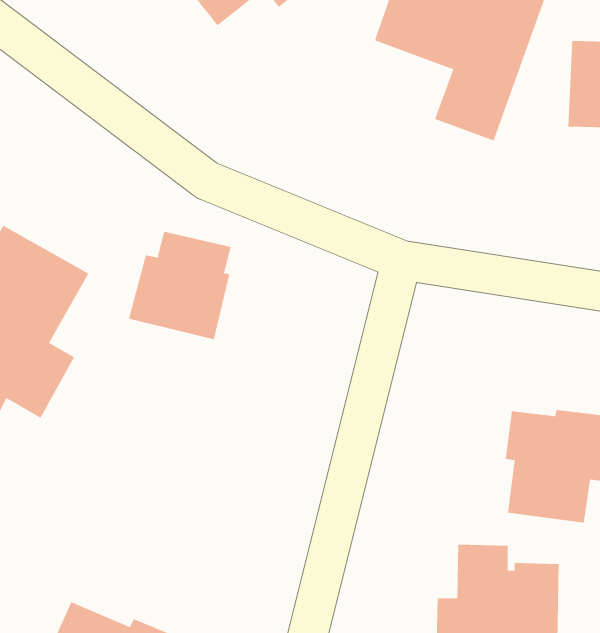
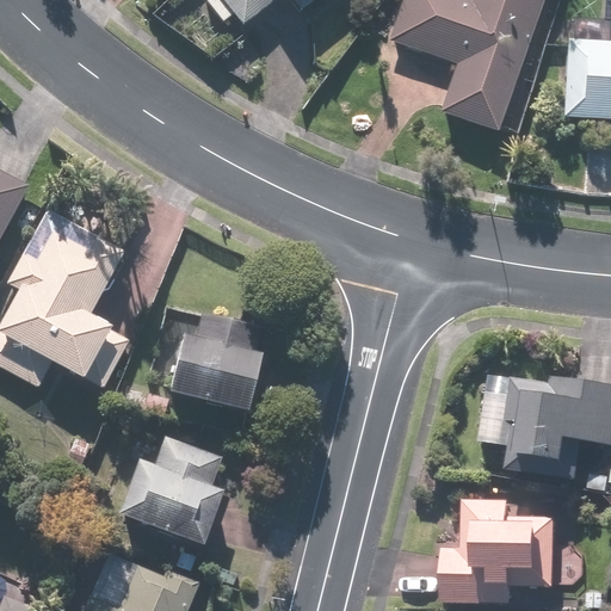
building: [128,231,231,340] -> [168,313,263,412]
building: none -> [117,436,224,547]

